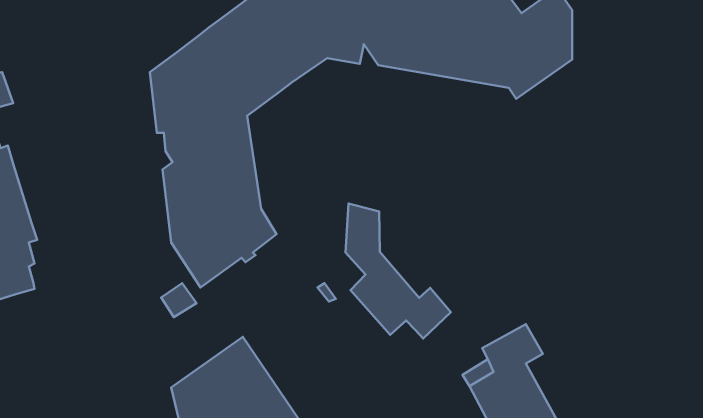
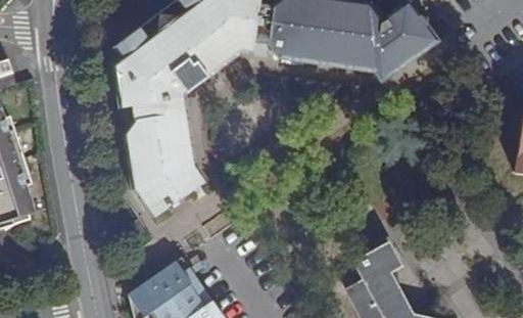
building: [346,204,451,339] -> none

